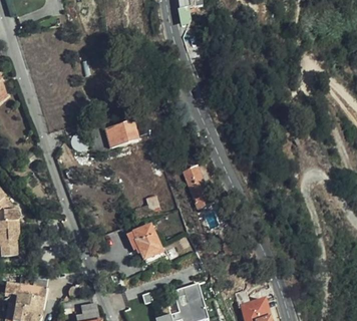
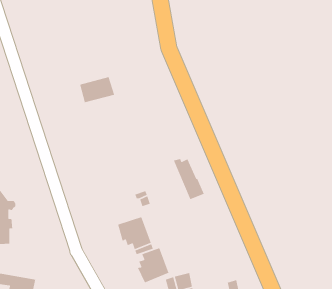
building: [105,119,141,146] -> [79,76,115,103]
building: none -> [137,247,170,284]

